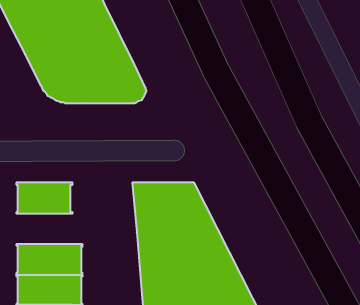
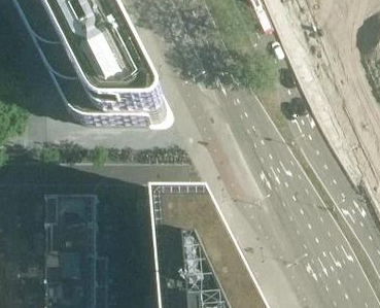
building: none -> [40,216,102,245]

